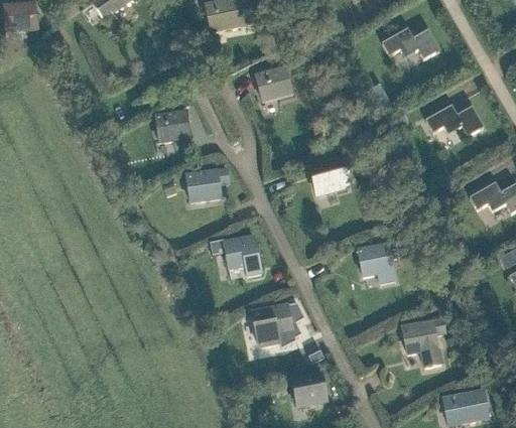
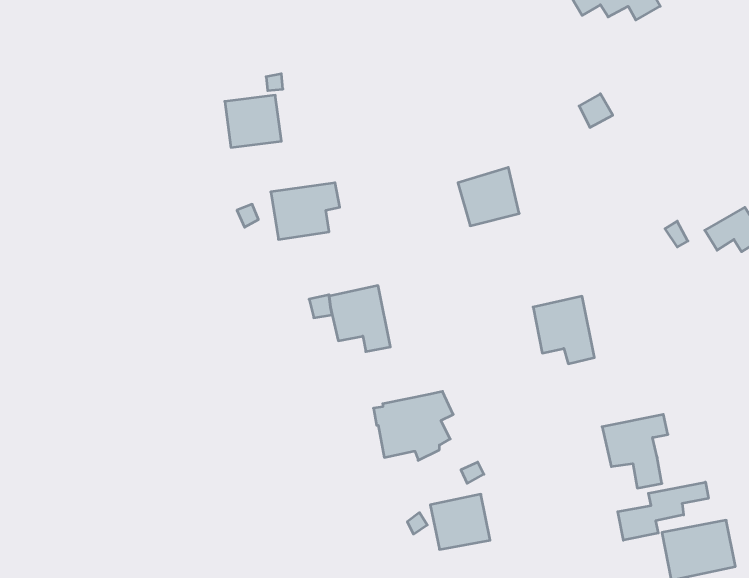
building: [254,63,294,103] -> none
building: [426,107,485,137] -> none
building: none -> [618,482,708,540]

